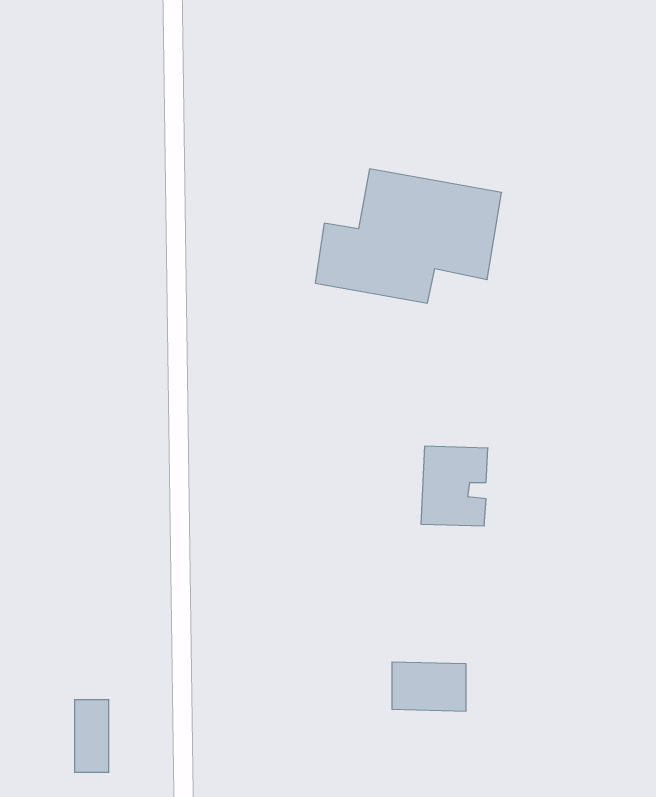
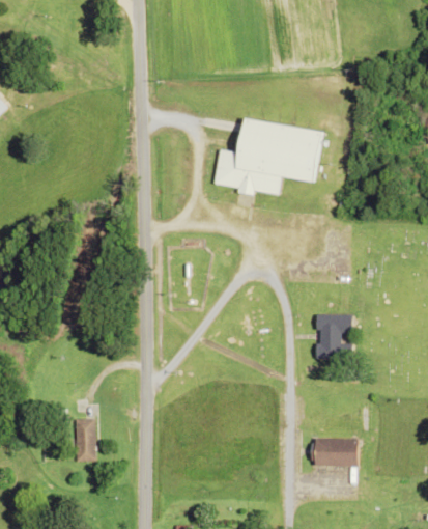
building: [421,446,488,526] -> [315,315,353,361]
building: [392,662,466,711] -> [314,437,356,465]

